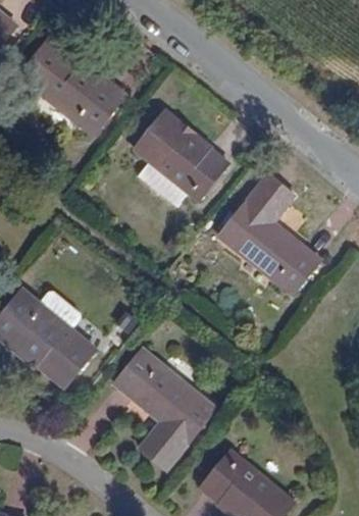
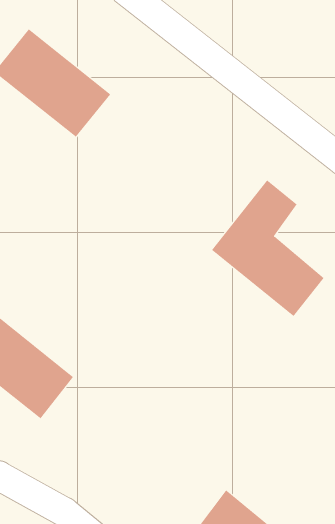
building: [133,109,226,199] -> none
building: [113,351,215,470] -> none

